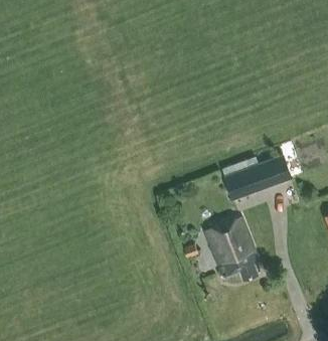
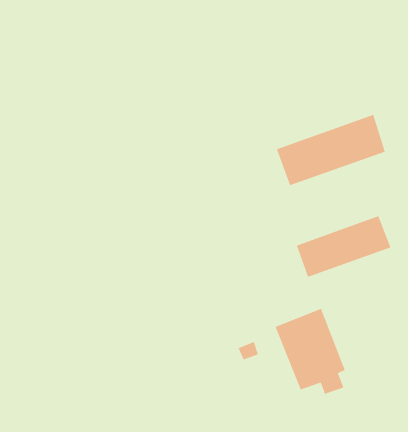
building: none -> [276,114,386,186]

